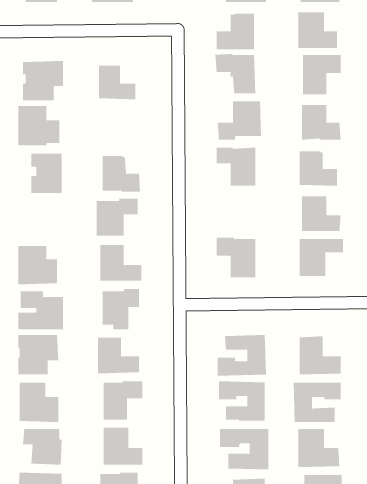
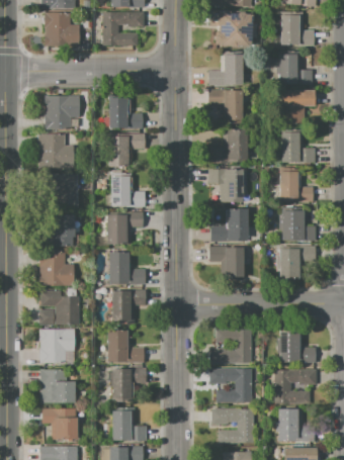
building: none -> [107,133,144,167]
building: none -> [210,208,247,242]
building: none -> [50,215,74,247]

